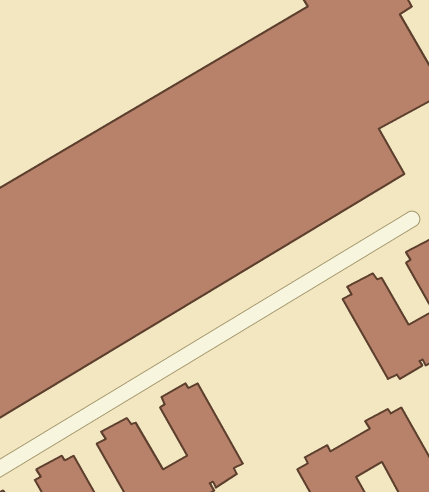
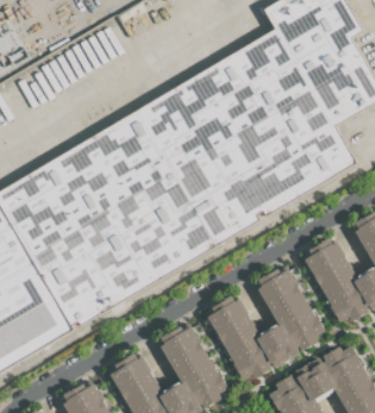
building: none -> [207,269,323,380]

